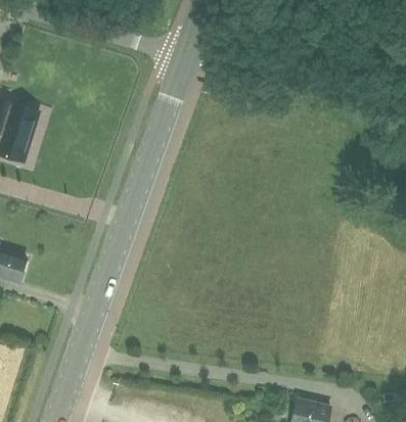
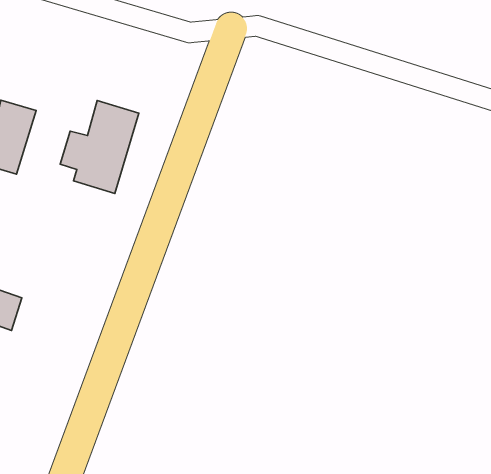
building: none -> [60,100,139,194]

